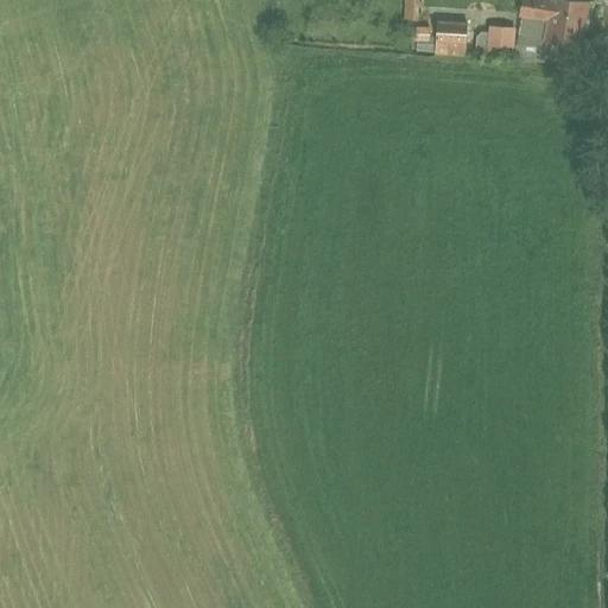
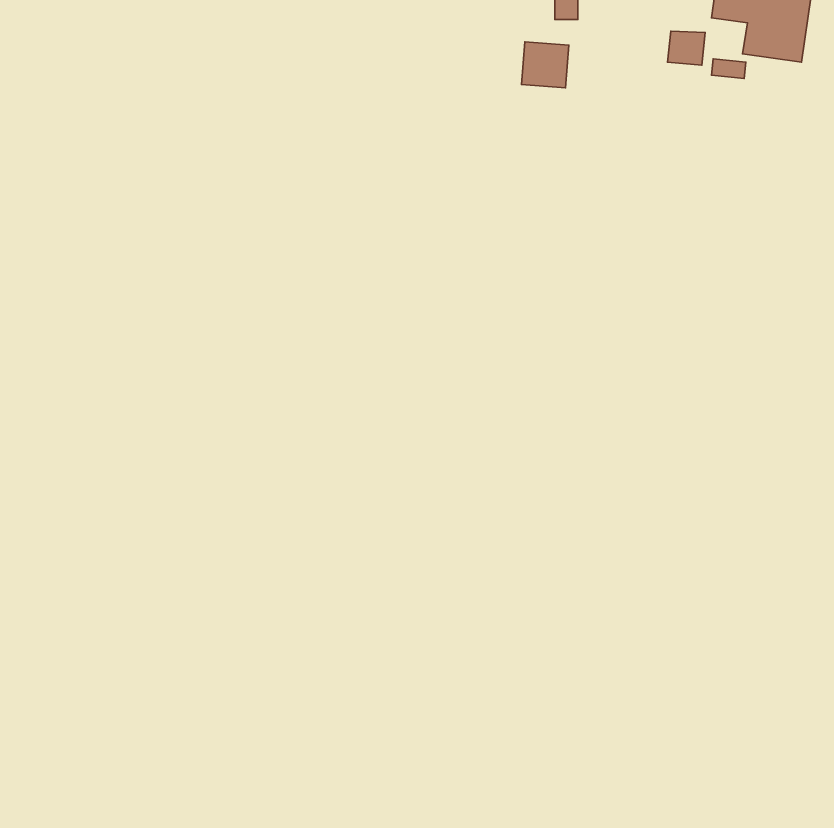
building: [433,18,468,51] -> [522,42,569,88]

